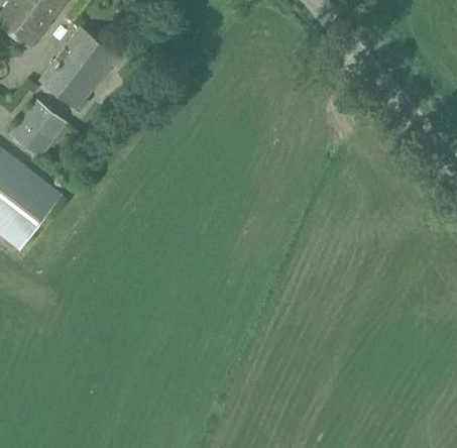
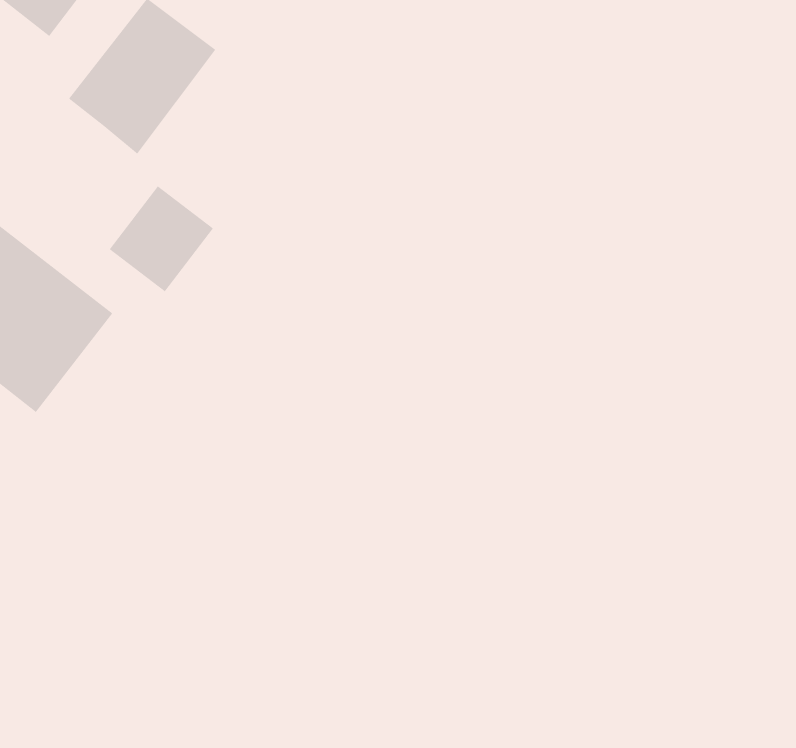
building: [10,100,67,157] -> [109,186,214,292]

